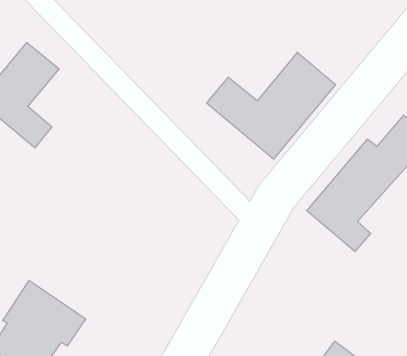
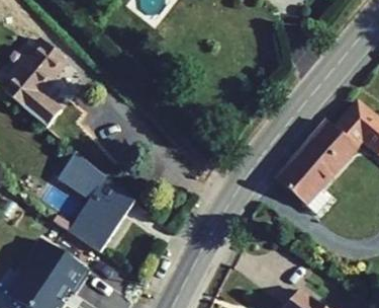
building: [207,52,335,159] -> none
building: none -> [53,152,134,251]

